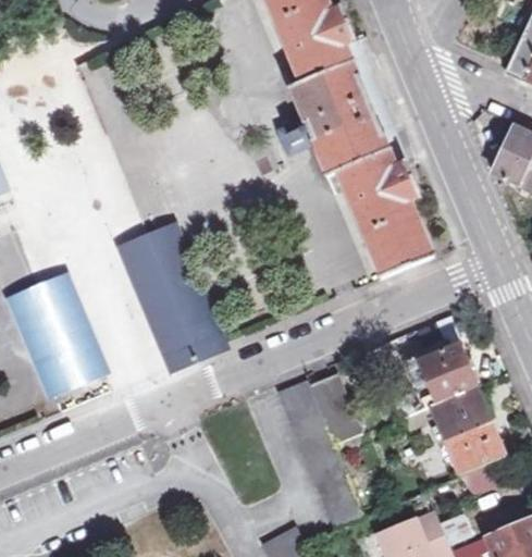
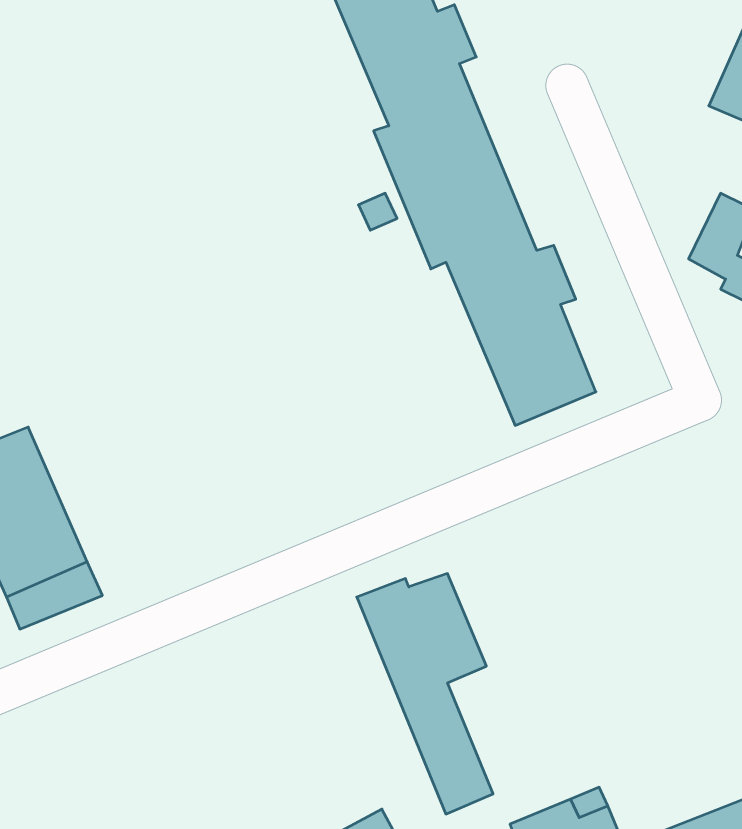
building: [125,228,219,362] -> none
building: [404,344,502,471] -> none

